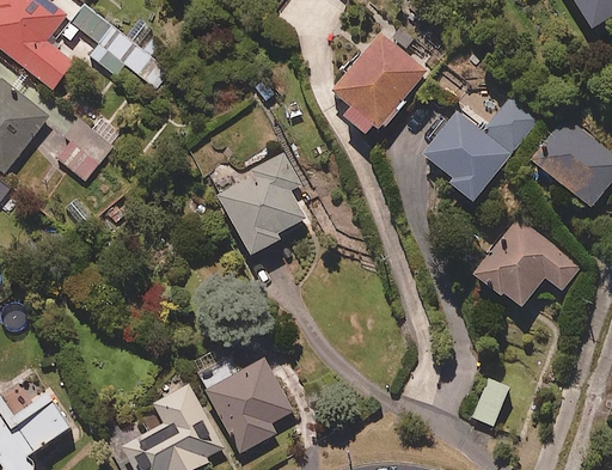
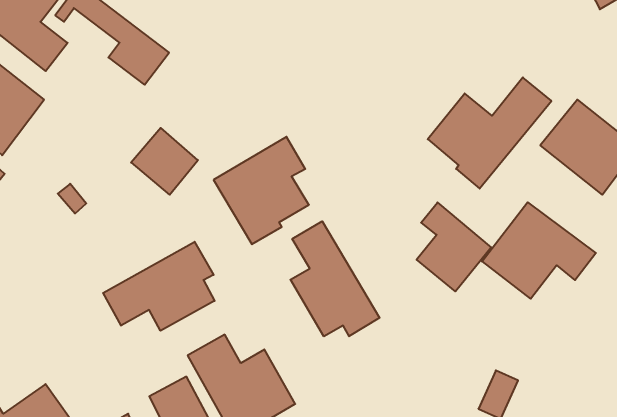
building: [331,31,428,133] -> none
building: [48,116,112,181] -> [131,128,198,195]
building: none -> [417,202,491,291]
building: none -> [290,221,380,336]
building: none -> [103,242,215,331]

